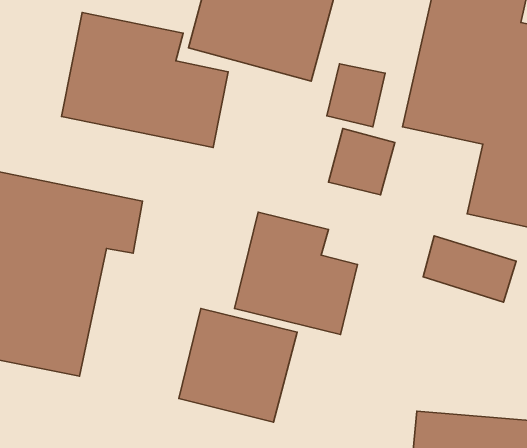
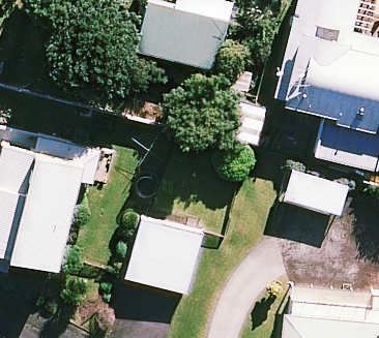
building: [61,13,228,147] -> none
building: [235,212,358,335] -> none

